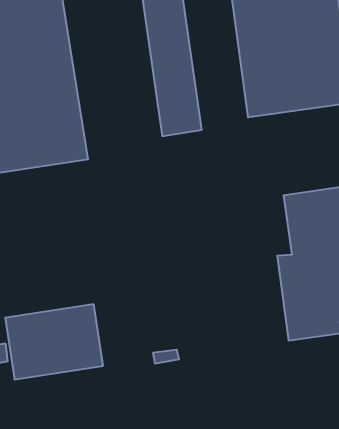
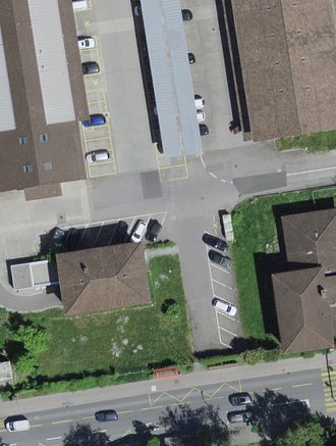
building: [5,304,103,379] -> [57,241,153,314]

